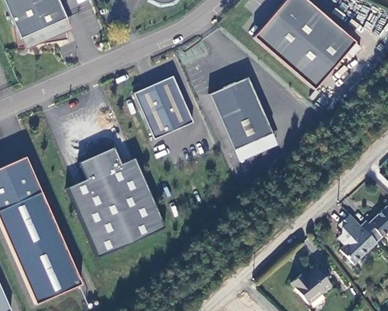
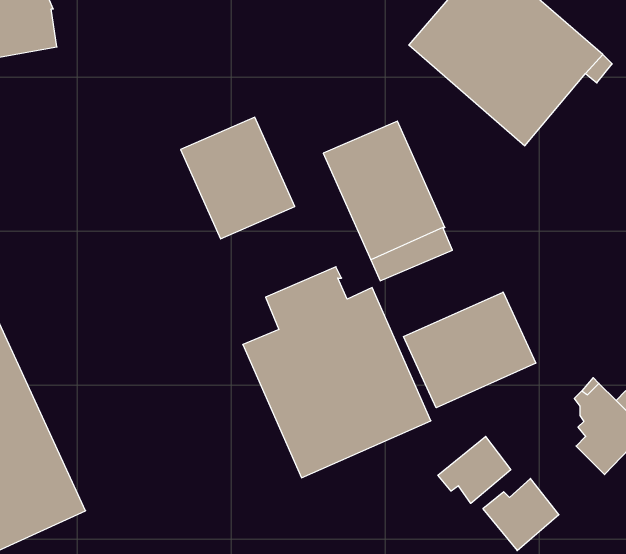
building: [66,145,165,256] -> [243,267,431,478]
building: none -> [403,292,536,408]
building: none -> [438,436,511,503]

